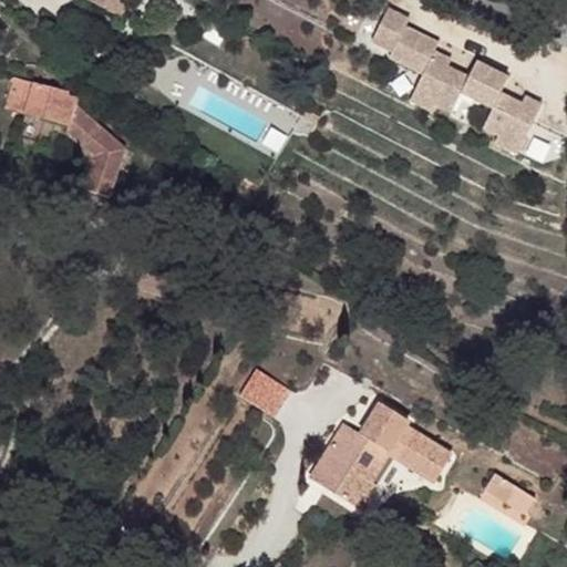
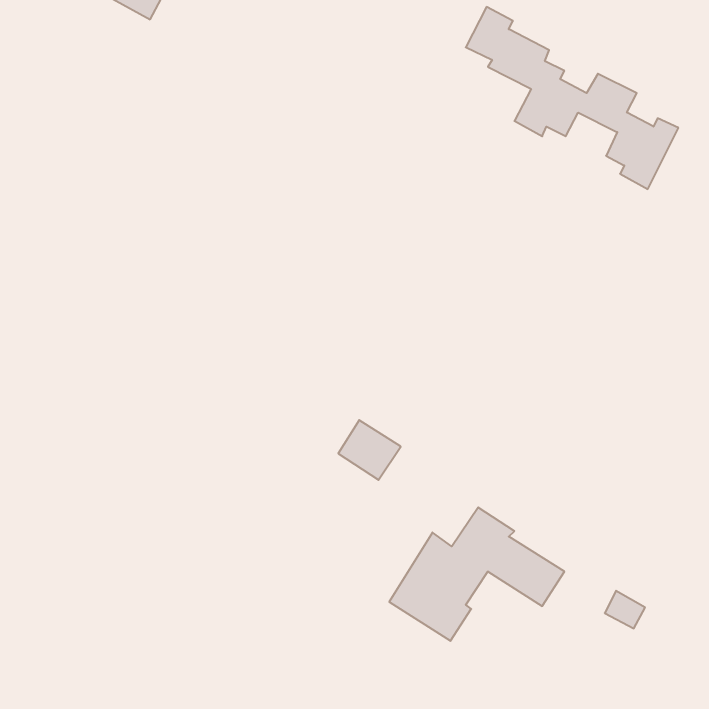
building: [7,75,121,197] -> none
building: [240,369,290,416] -> [338,420,401,480]

